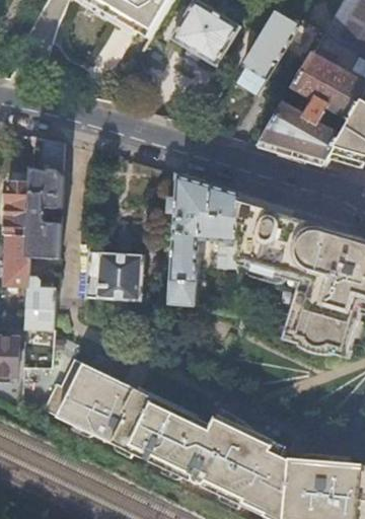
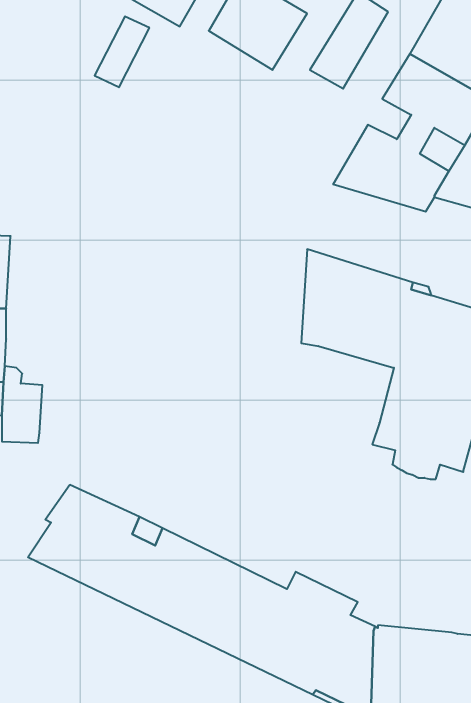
building: [27,139,62,258] -> none
building: [166,175,238,306] -> none
building: [84,251,141,301] -> none

